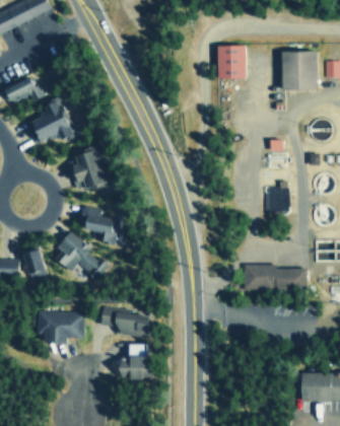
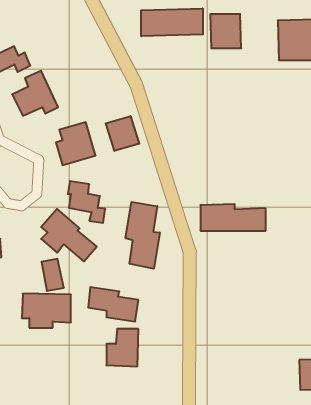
building: none -> [141,8,203,36]
building: none -> [106,116,139,151]
building: none -> [126,202,160,269]
building: [24,251,46,281] -> [41,259,64,291]
building: [246,265,308,290] -> [200,204,266,231]

